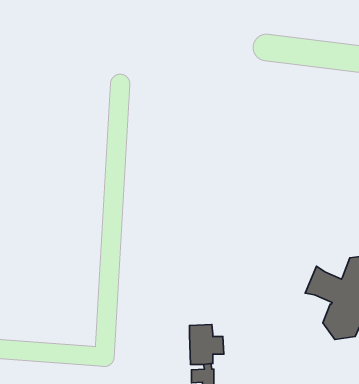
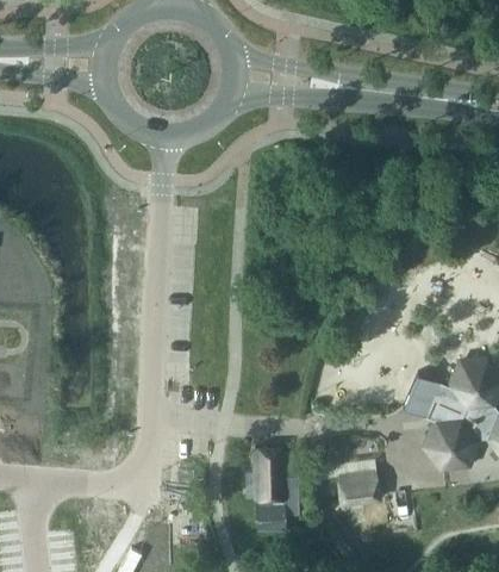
building: none -> [336,471,375,495]

